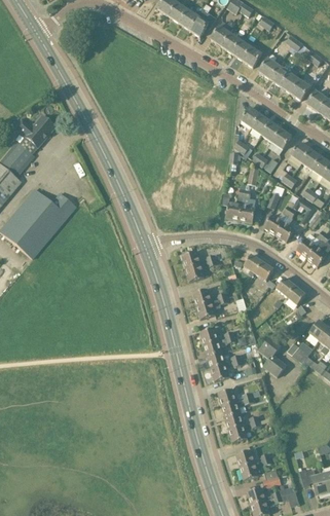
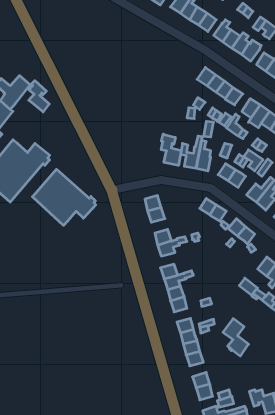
building: none -> [29,81,49,112]
building: none -> [161,134,181,165]
building: none -> [32,169,96,225]
building: [258,336,287,378] -> [223,319,249,356]

